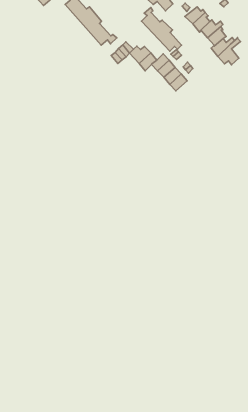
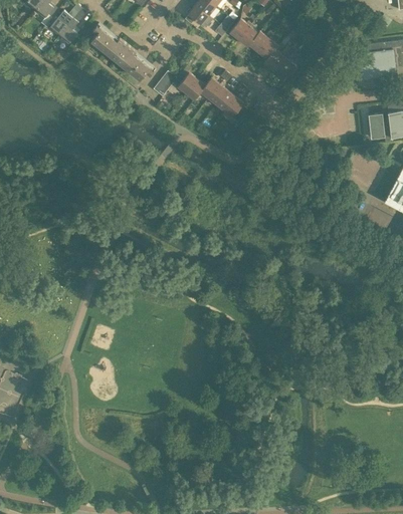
building: [141,7,182,51] -> none

